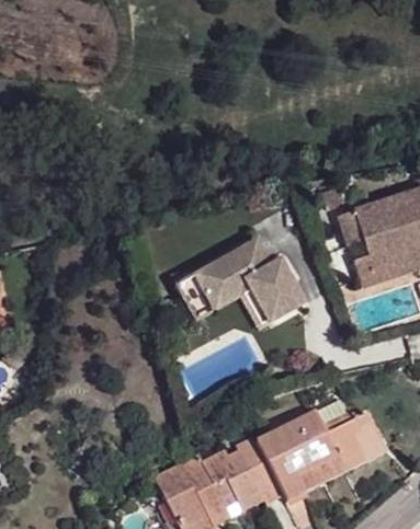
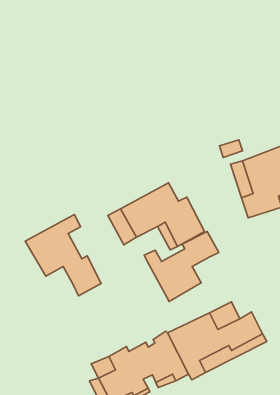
building: none -> [25,215,101,296]
building: none -> [144,231,219,301]

